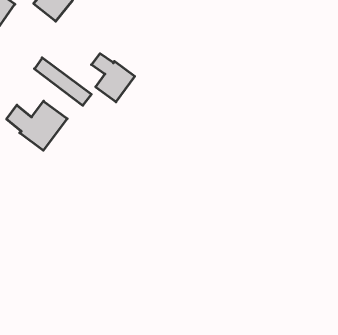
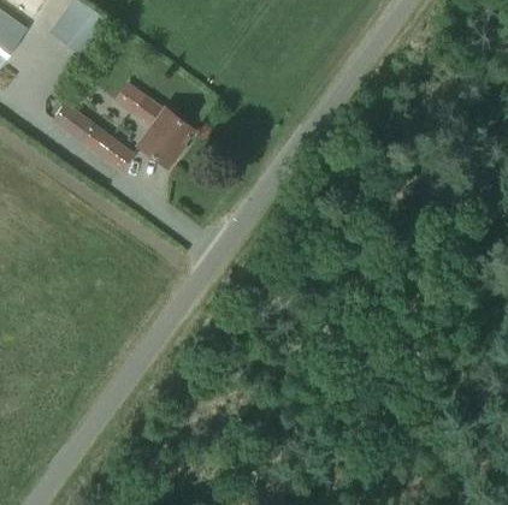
building: [7,101,67,150] -> none

